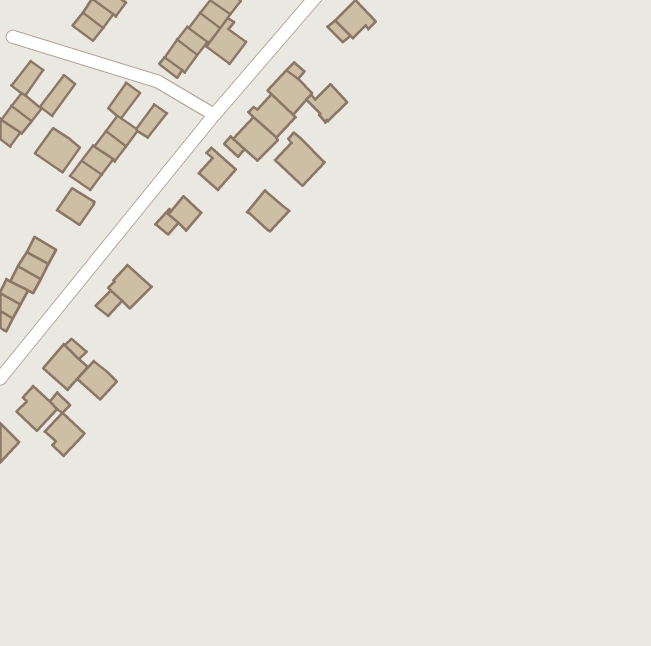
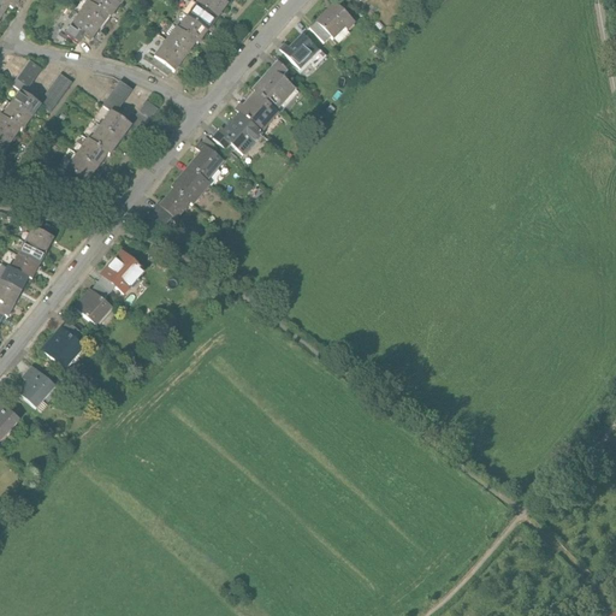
building: [207,18,246,64] -> none
building: [306,84,347,123] -> [279,32,318,69]
building: [35,128,80,172] -> none
building: [275,133,325,186] -> none
building: [57,188,94,225] -> none
building: [247,190,289,231] -> [171,164,211,202]
building: [77,361,117,399] -> [73,288,111,324]
building: [45,413,84,456] -> none

